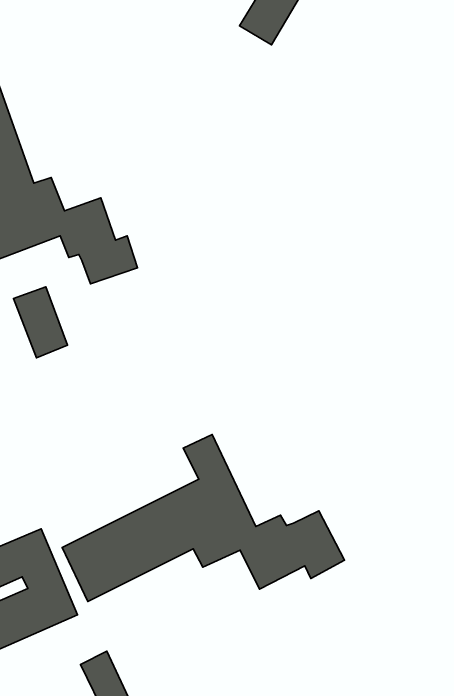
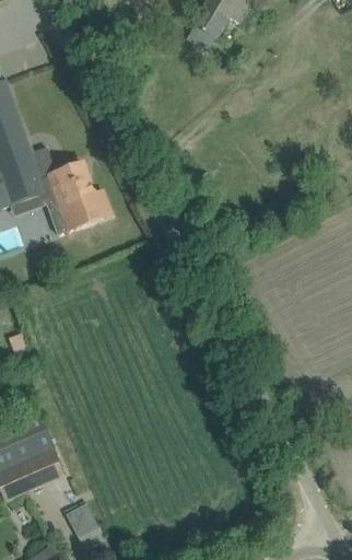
building: [14,287,68,358] -> none
building: [62,435,344,602] -> none

